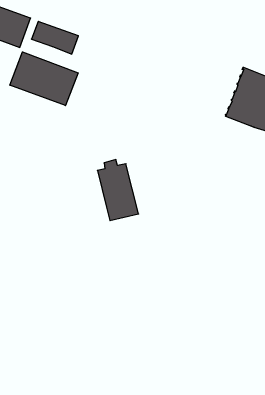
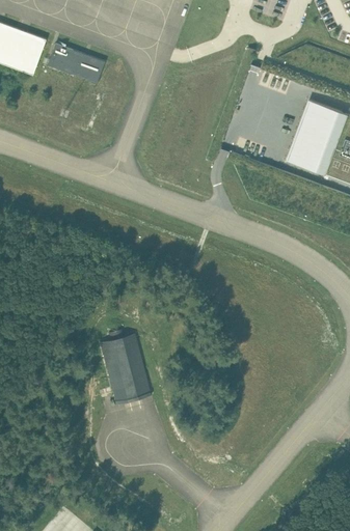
building: [10,52,78,106] -> none
building: [97,160,139,221] -> [100,328,151,403]

